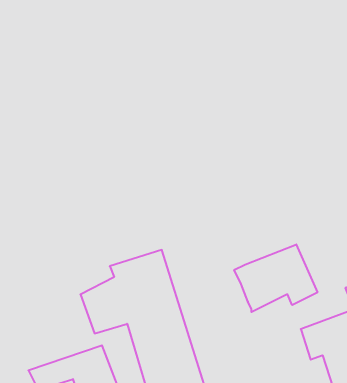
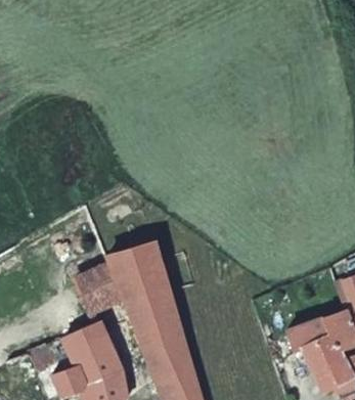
building: [234,244,317,312] -> none

